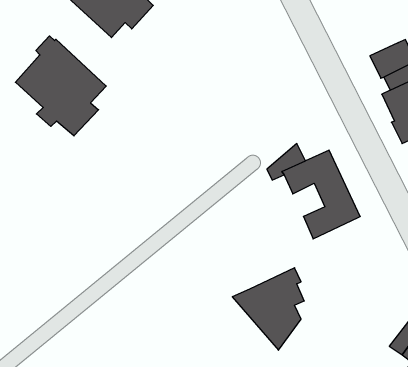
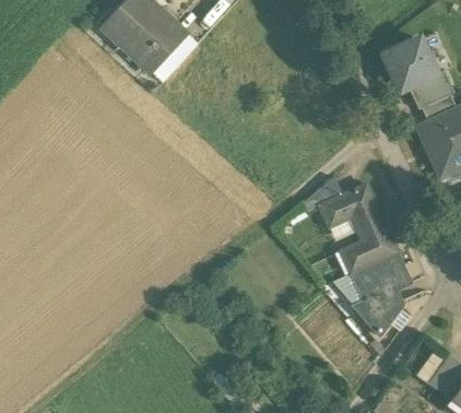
building: none -> [385,39,437,91]
building: [15,36,106,136] -> none
building: [232,268,304,350] -> [333,252,406,337]

